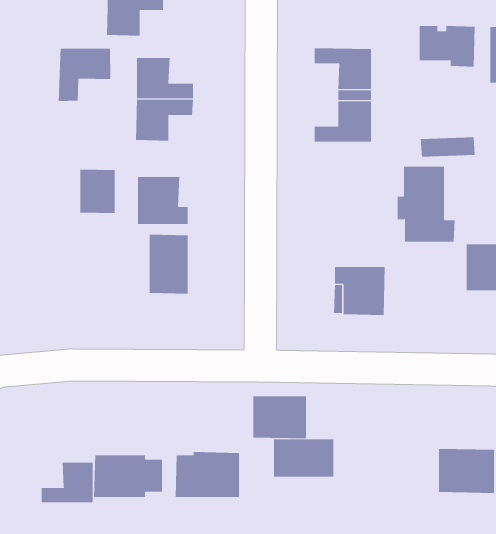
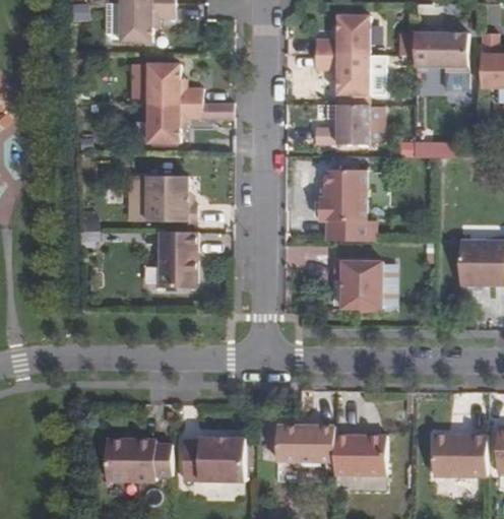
building: none -> [314,15,370,55]
building: [58,48,111,102] -> none
building: [397,166,456,242] -> [318,169,374,241]
building: [80,169,115,214] -> none
building: [252,396,307,439] -> [333,435,385,475]
building: [41,462,93,503] -> none

